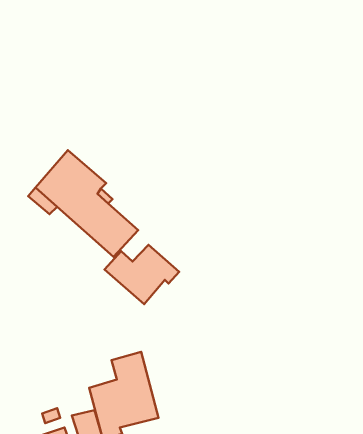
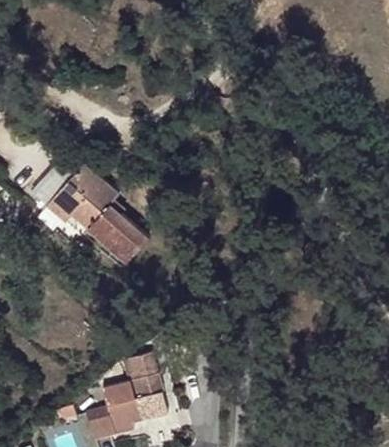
building: [104,245,179,304] -> none

